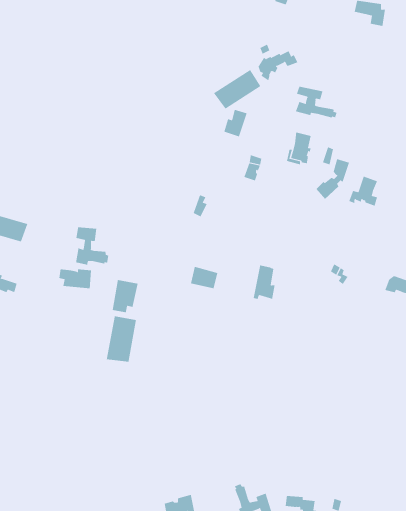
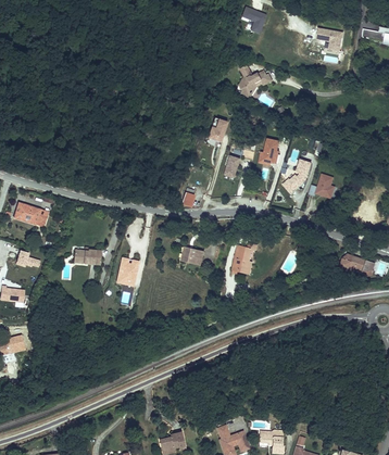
building: [213,69,261,110] -> none
building: [295,86,337,118] -> none
building: [75,226,109,265] -> none
building: [106,315,136,362] -> none

